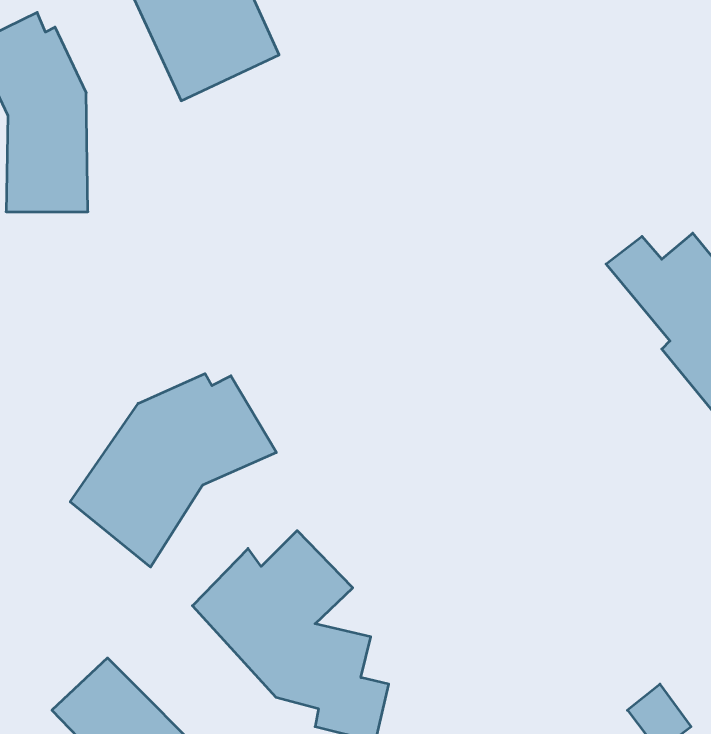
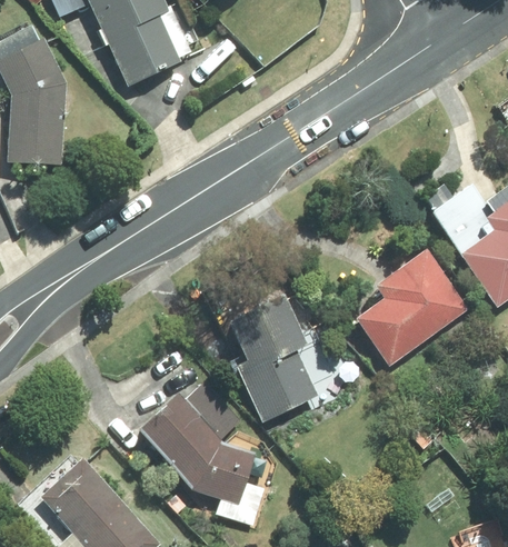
building: none -> [355,248,469,365]
building: [70,374,276,567] -> none
building: none -> [222,292,318,420]

